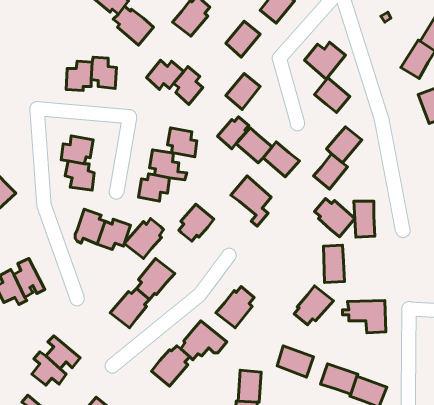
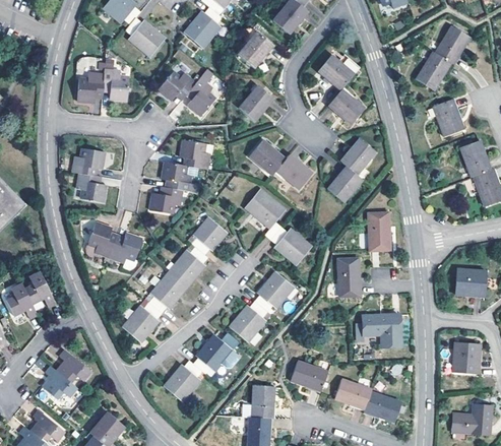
building: [217,117,249,149] -> none
building: [314,198,355,237] -> [270,226,311,264]
building: [124,218,164,259] -> [168,246,207,286]
building: [294,286,333,325] -> [254,271,294,311]

